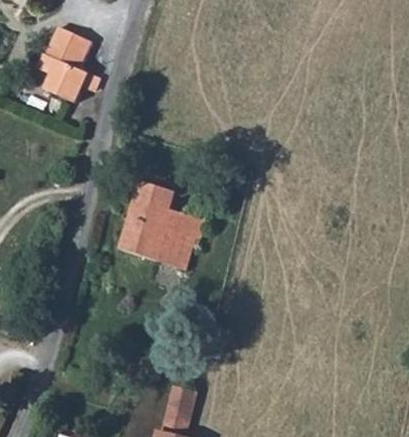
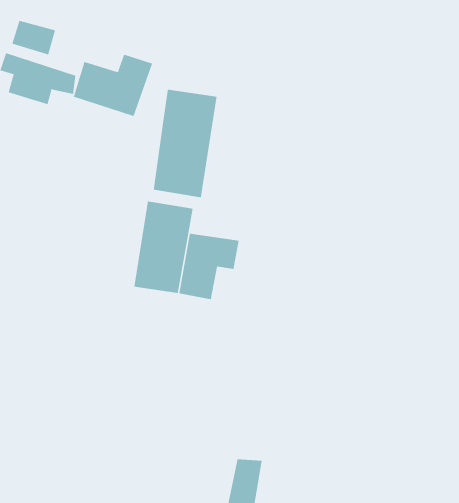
building: none -> [73,54,153,117]
building: none -> [153,89,217,198]

